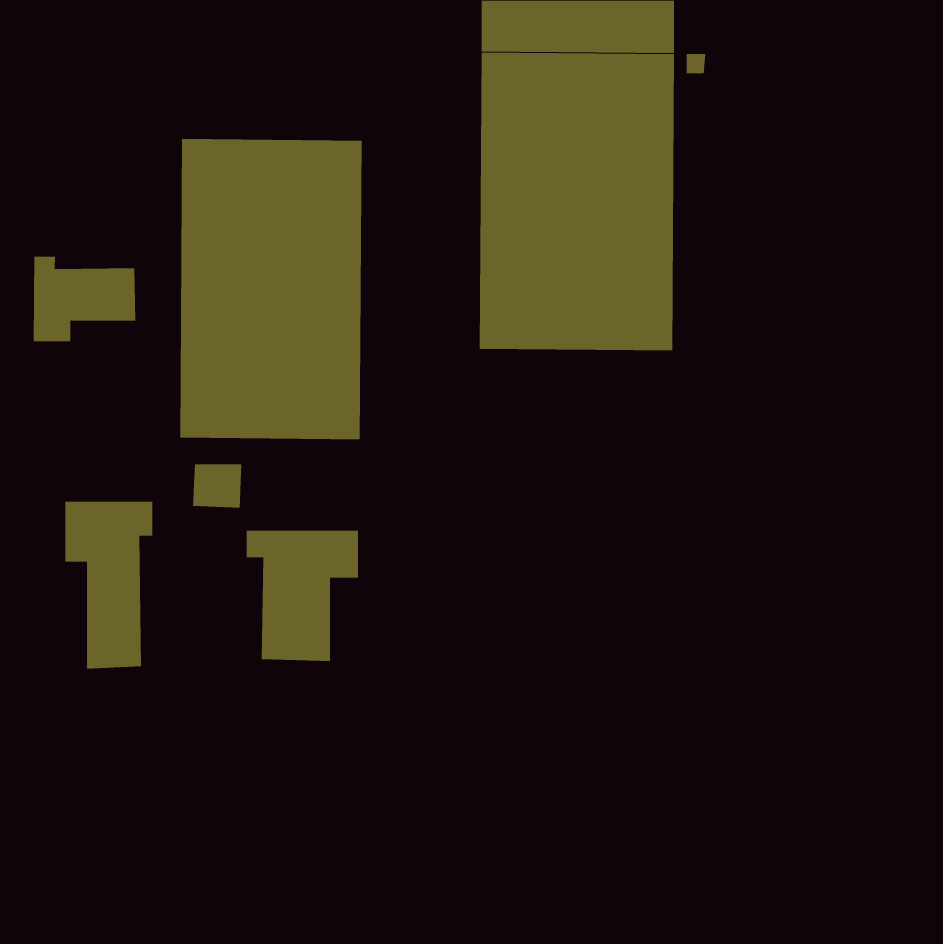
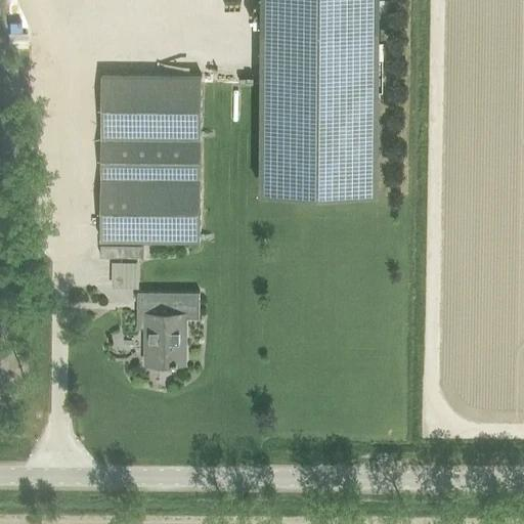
building: [33,256,136,342] -> none
building: [65,501,153,669] -> none

